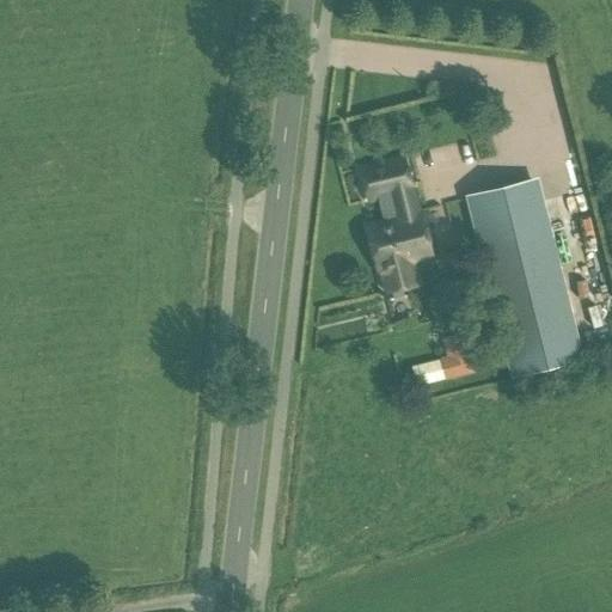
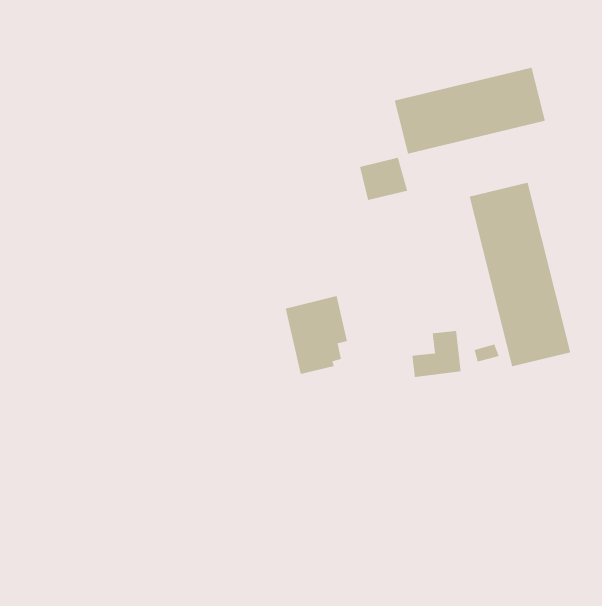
building: none -> [394,67,546,155]
building: [373,213,436,293] -> [285,295,348,375]

